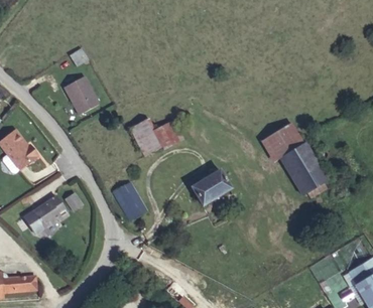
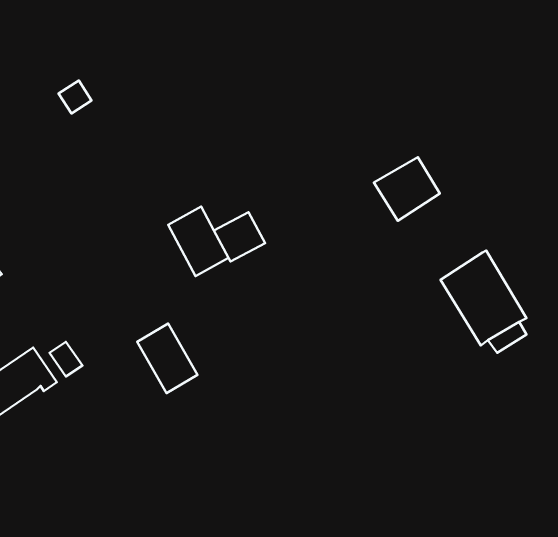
building: [65,75,99,115] -> none
building: [267,123,303,158] -> [374,157,440,221]
building: [192,169,231,205] -> none

